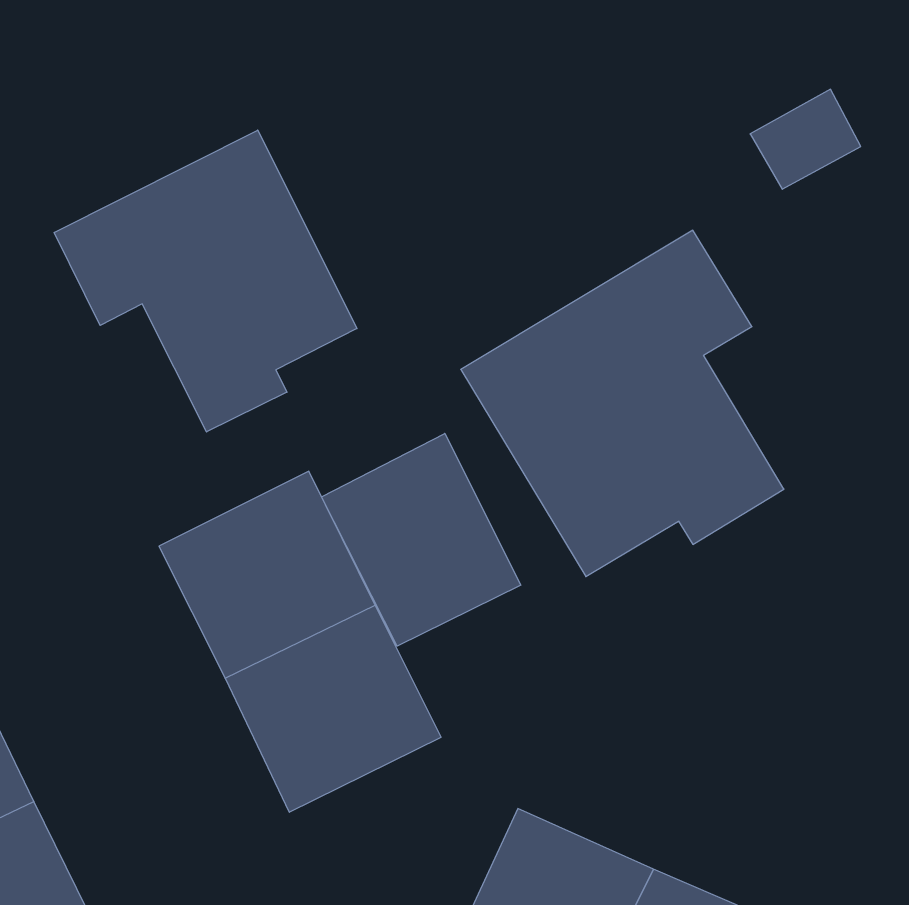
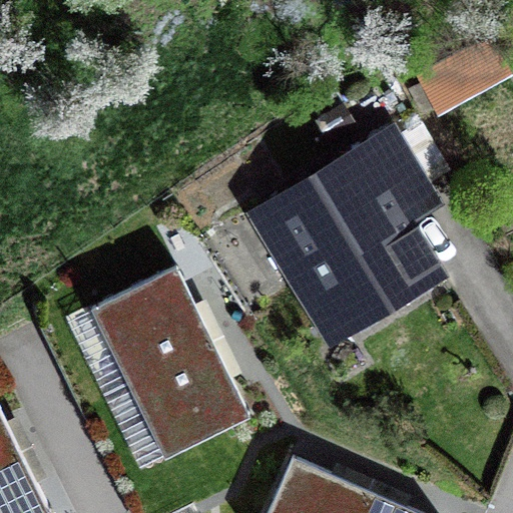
building: [54,130,357,432] -> none
building: [322,433,521,646] -> none

